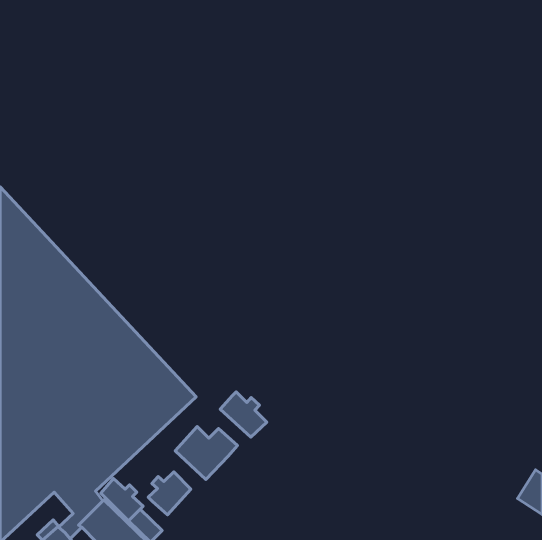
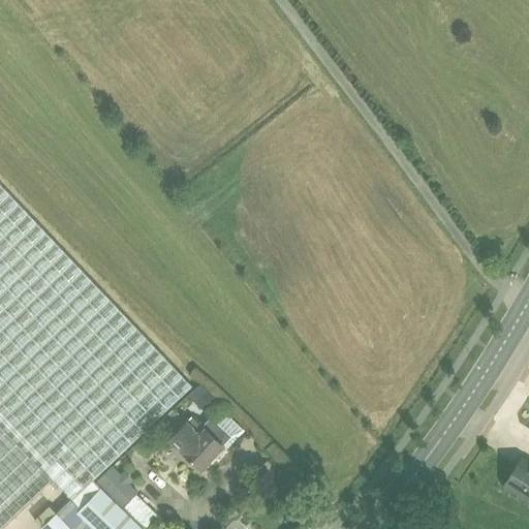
building: [220,392,267,437] -> none
building: [148,472,191,515] -> none

